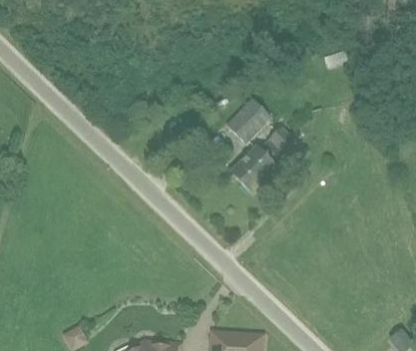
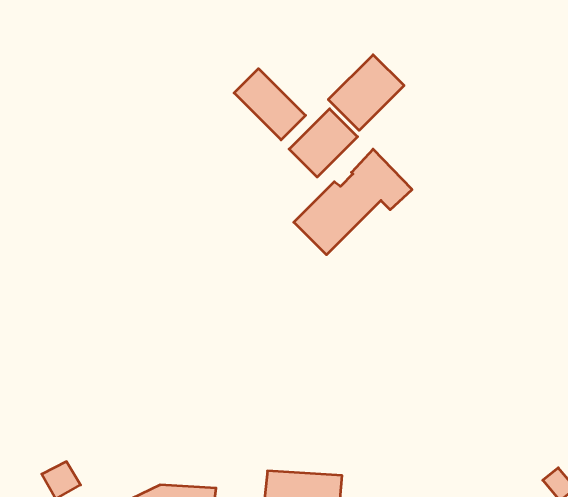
building: none -> [328,55,404,130]
building: none -> [234,69,306,140]

